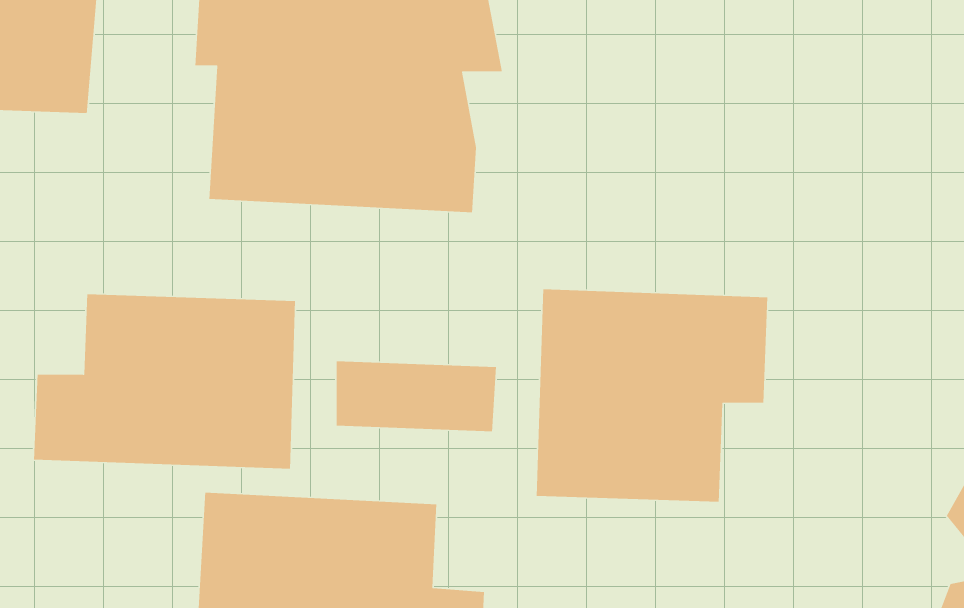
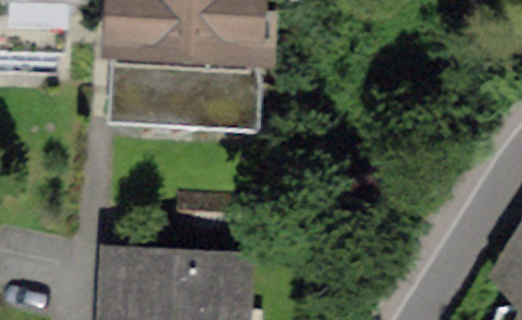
building: [536,288,768,503] -> none
building: [33,293,296,470] -> none

